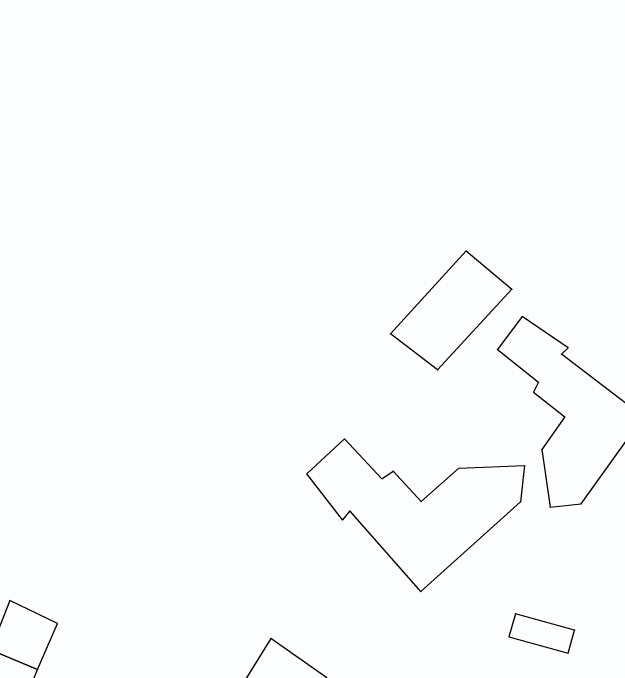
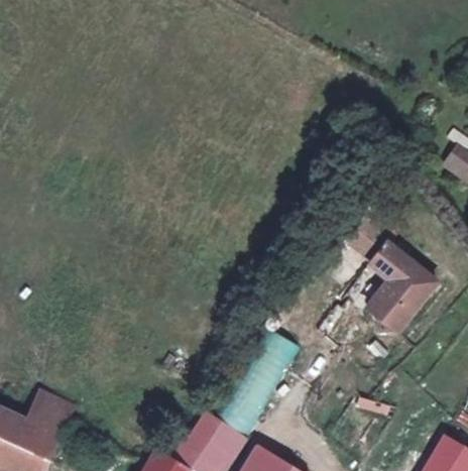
building: [390,251,512,370] -> none
building: [307,439,524,592] -> none

